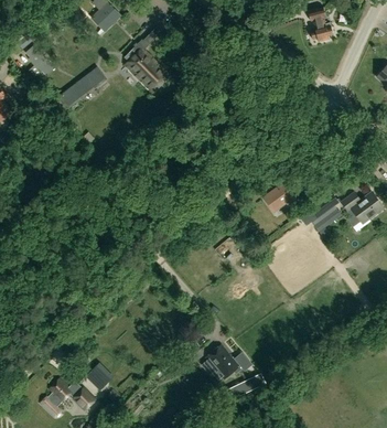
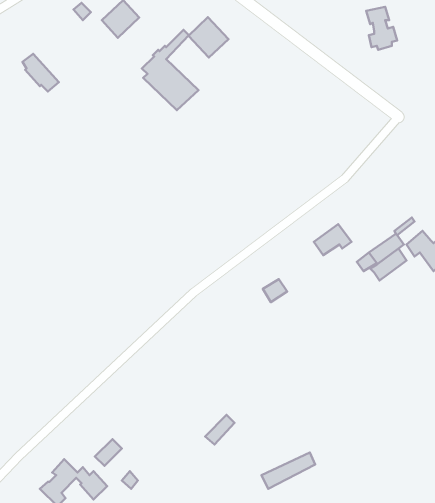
building: none -> [188,17,228,58]
building: [60,67,107,108] -> none
building: [206,345,251,378] -> none

